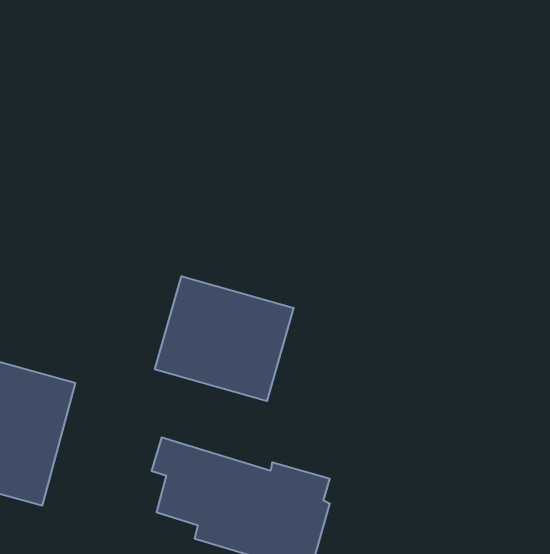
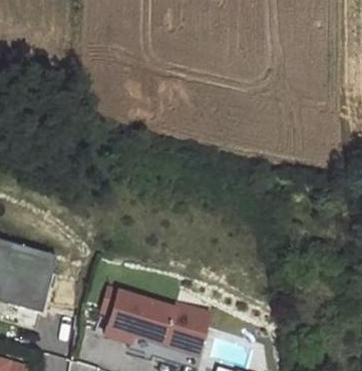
building: [155,276,294,401] -> none

